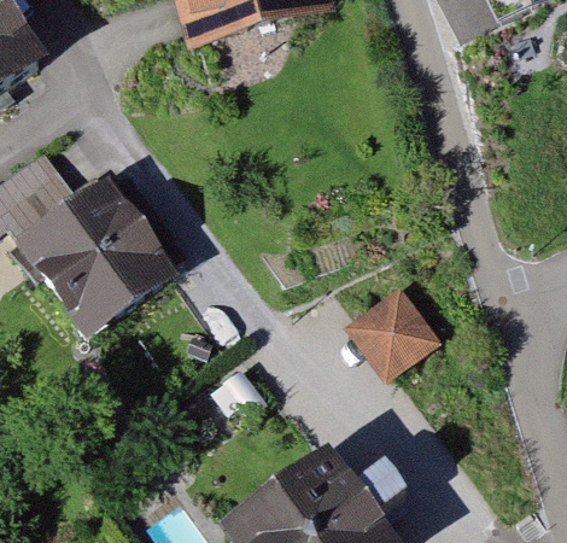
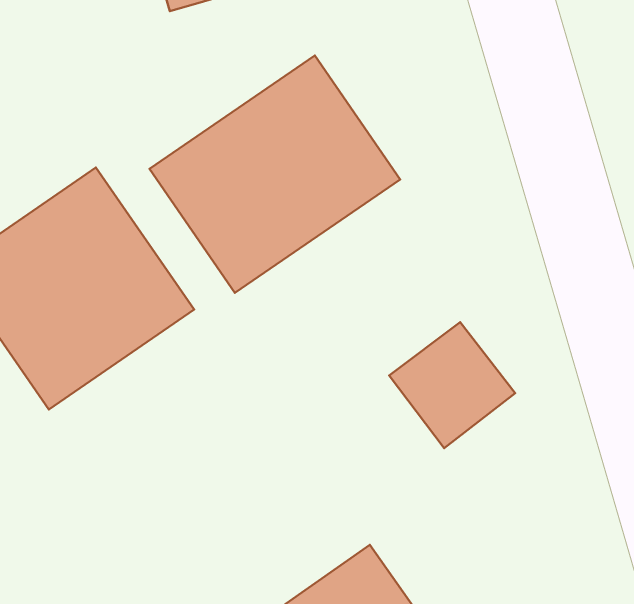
building: none -> [149,55,400,293]

